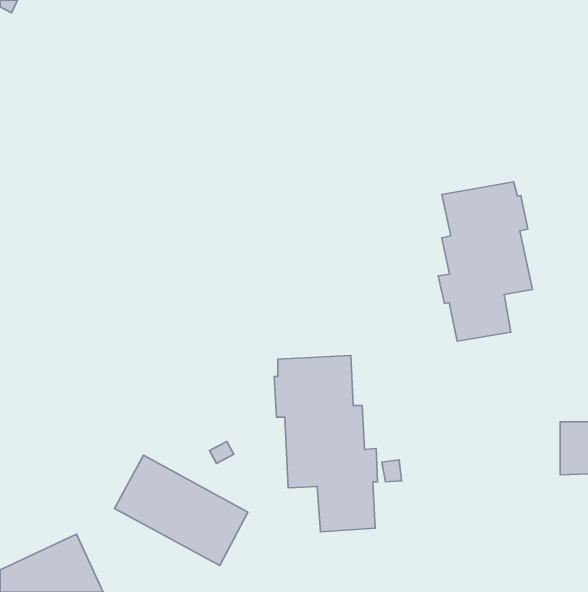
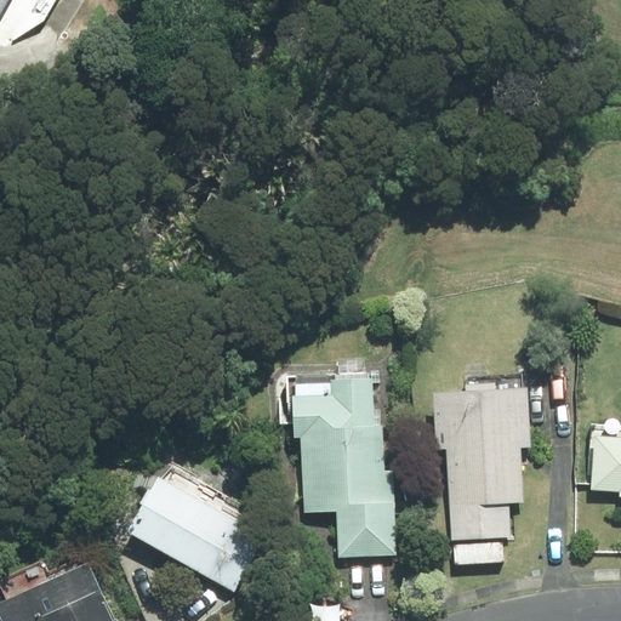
building: [438,182,532,341] -> none
building: none -> [431,386,529,541]

